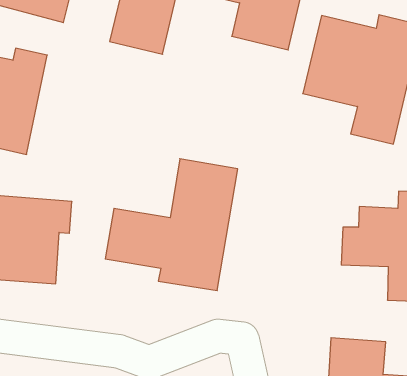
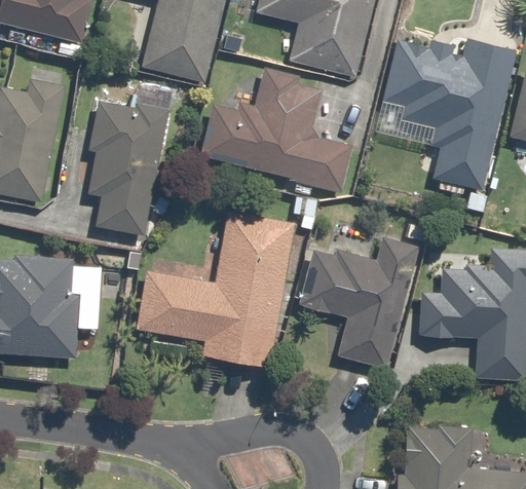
building: none -> [197,66,355,193]
building: none -> [86,81,173,237]
building: none -> [297,234,421,369]

